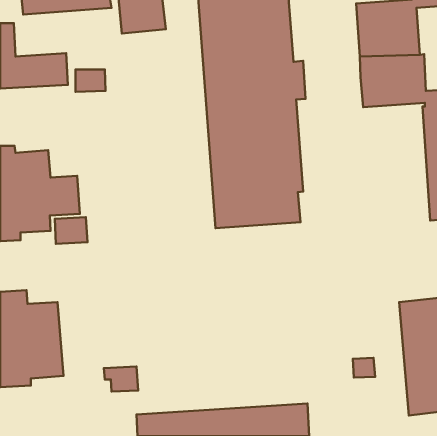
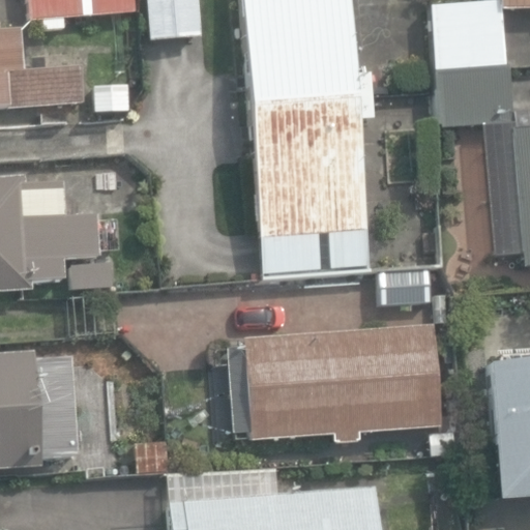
building: none -> [226,323,439,442]

